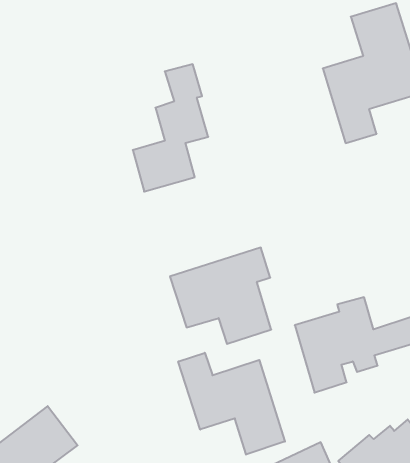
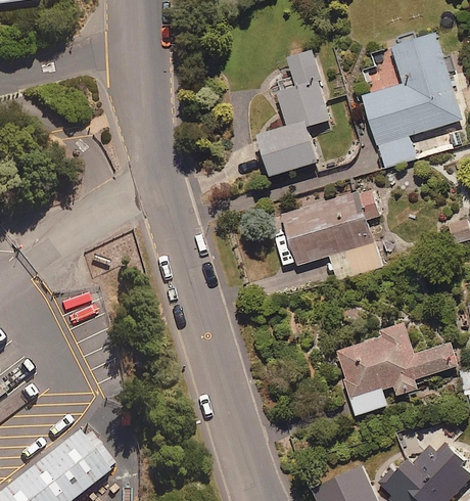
building: [133,64,208,192] -> [254,48,329,174]
building: [170,248,271,344] -> [280,186,380,281]
building: [178,353,285,455] -> none

